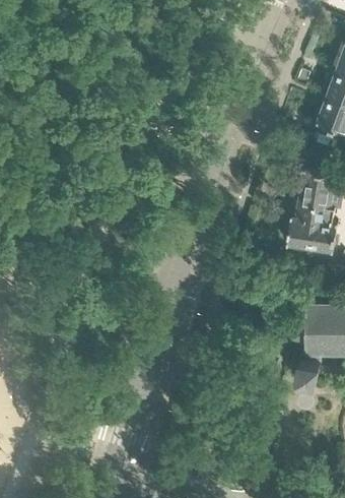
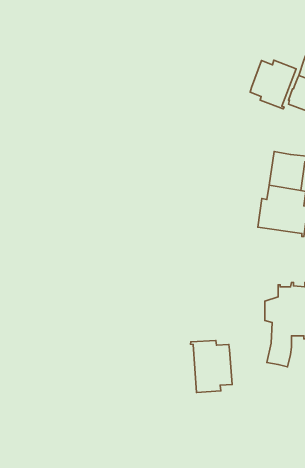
building: none -> [250,60,296,109]
building: none -> [191,341,232,392]

